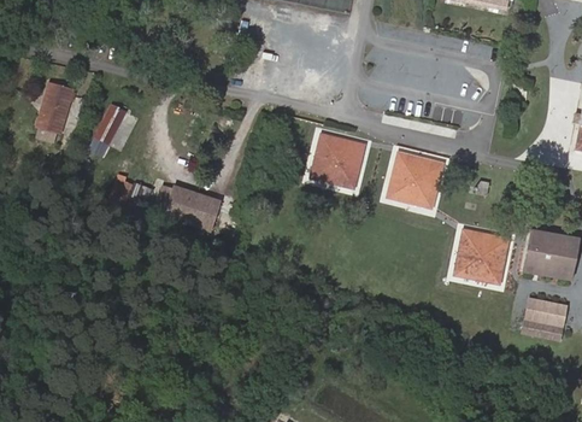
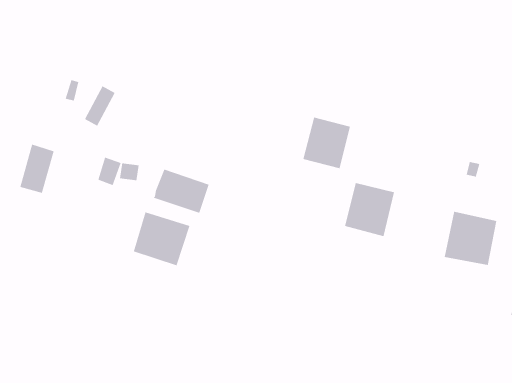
building: [37,83,72,133] -> [19,144,54,193]
building: [390,153,441,207] -> [344,183,395,237]
building: none -> [133,211,190,266]

